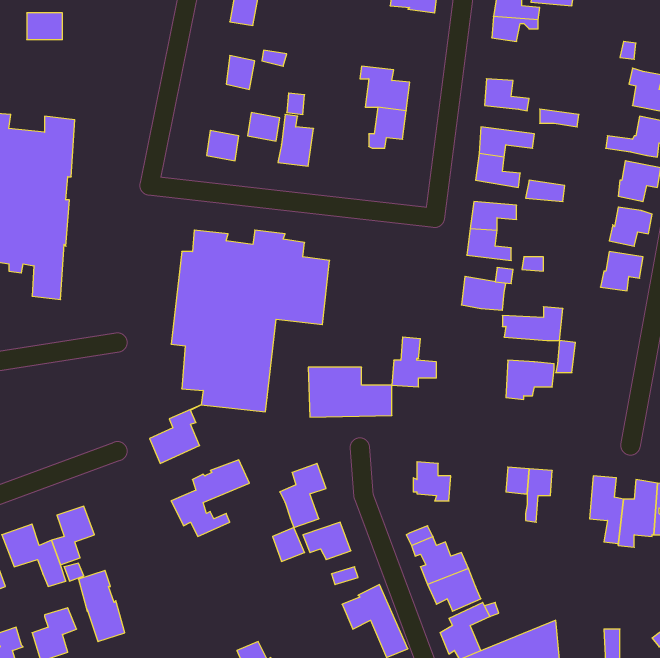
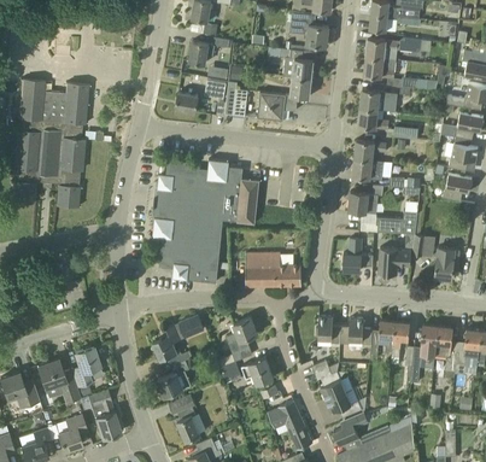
building: none -> [291,10,329,46]
building: none -> [365,37,421,60]
building: none -> [257,92,286,121]
building: [392,337,436,387] -> [342,238,373,271]
building: none -> [434,247,459,279]
building: [150,405,201,463] -> [157,357,192,397]
building: none -> [340,317,371,345]
building: none -> [411,323,438,382]
building: none -> [169,393,200,440]

